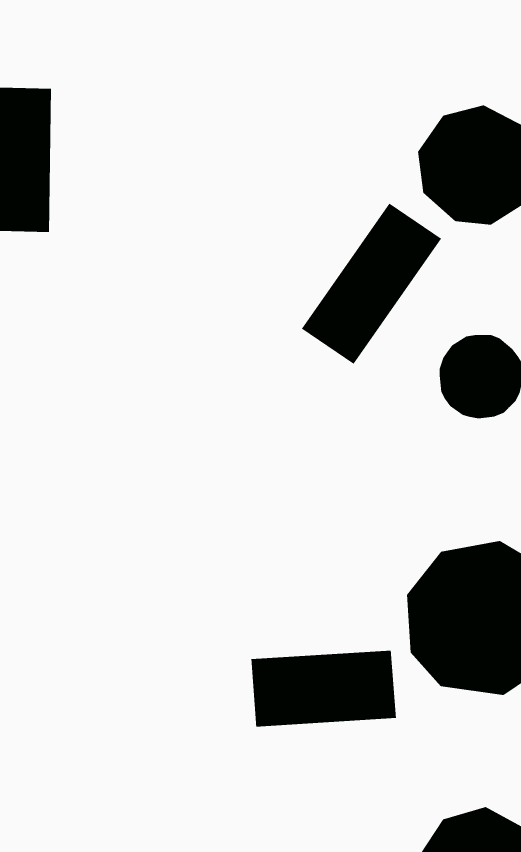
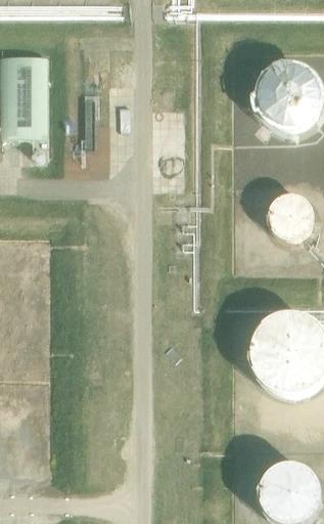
building: [301,203,442,365] -> none
building: [250,650,397,727] -> none

